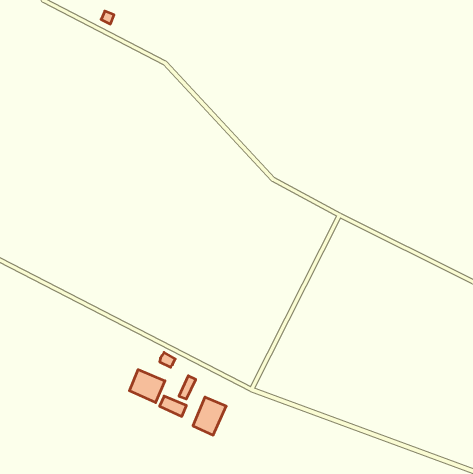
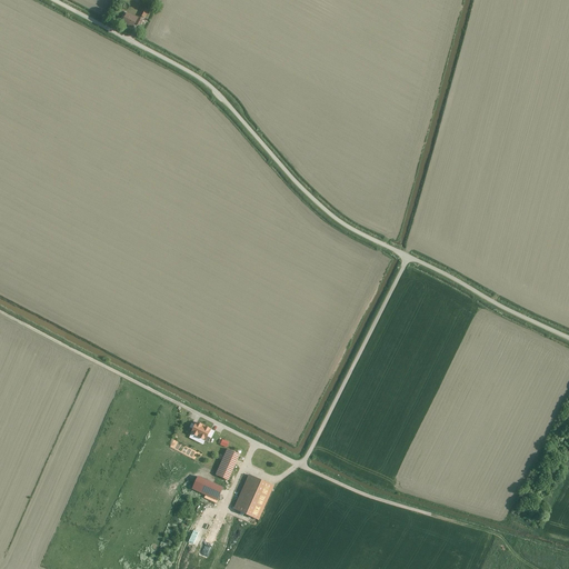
building: [129,370,165,403] -> none

